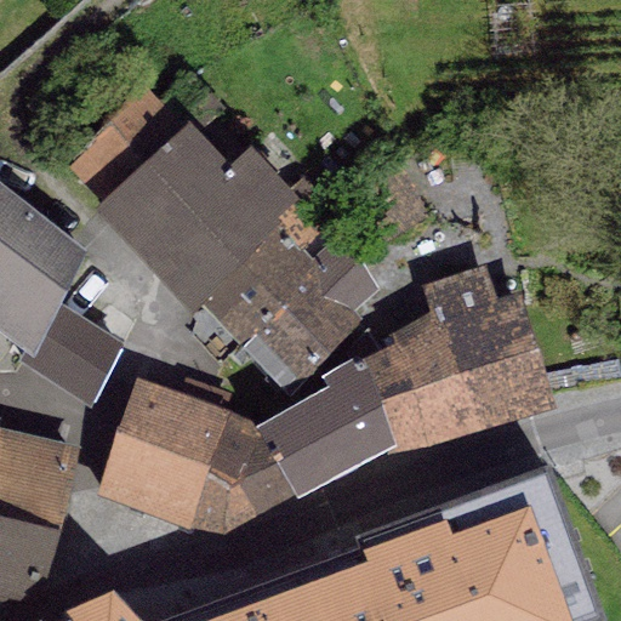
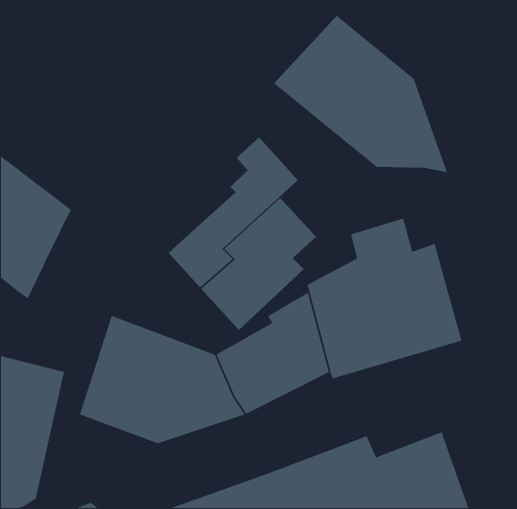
building: none -> [273,15,448,173]
building: [93,126,296,315] -> none
building: [15,301,121,405] -> none

